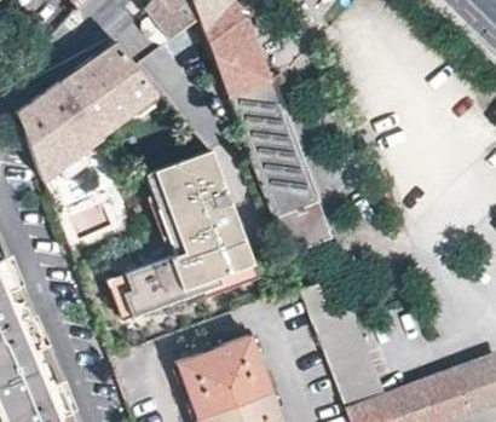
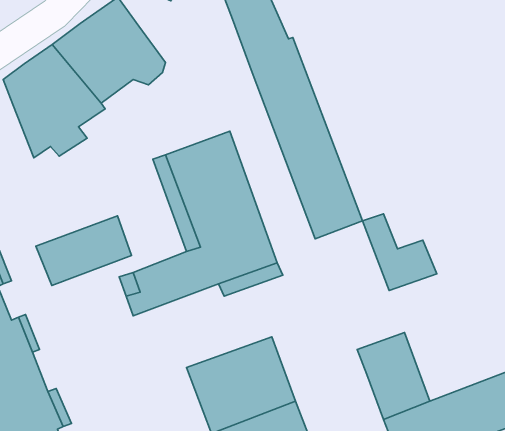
building: none -> [36,216,131,286]
building: [301,278,365,345] -> [363,214,437,291]

